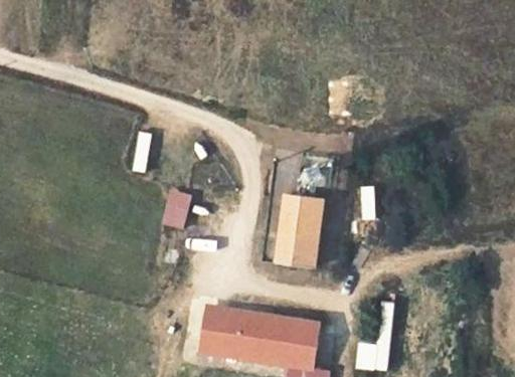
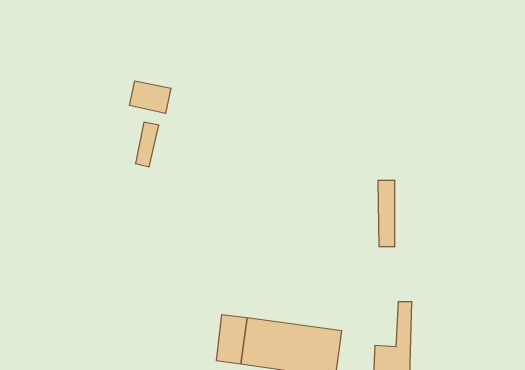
building: none -> [130,81,171,114]
building: [161,187,190,227] -> none
building: [280,198,326,269] -> none

